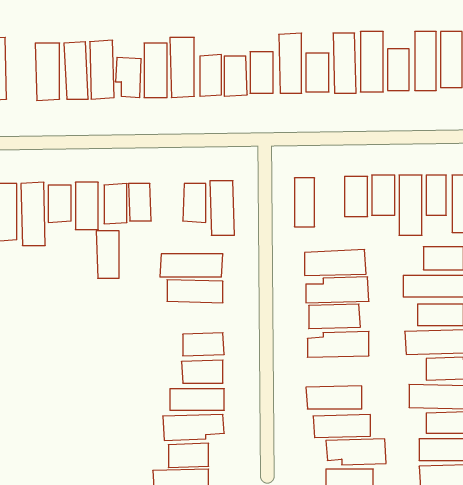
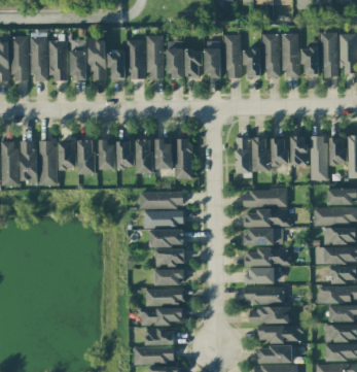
building: none -> [31,36,47,81]
building: none -> [252,136,269,170]
building: [96,231,119,278] -> [136,139,152,173]
building: none -> [149,229,184,246]
building: none -> [247,269,282,283]

